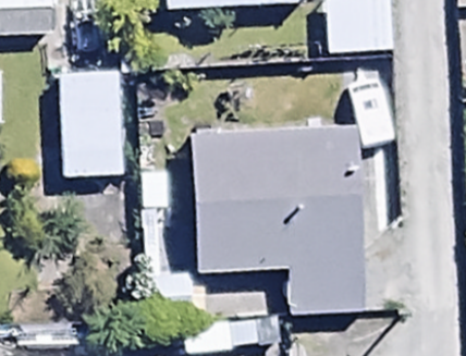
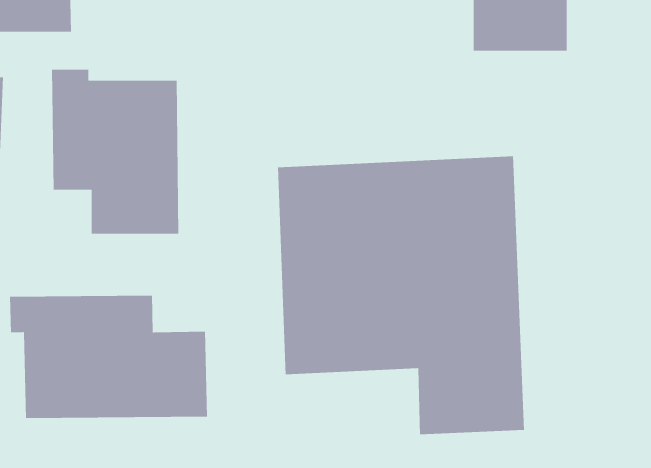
building: none -> [9,295,208,419]

